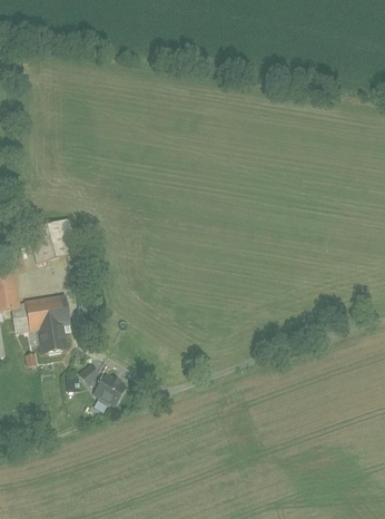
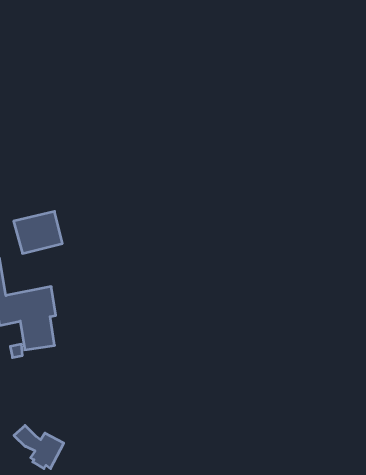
building: [77,362,127,405] -> [14,425,64,469]

